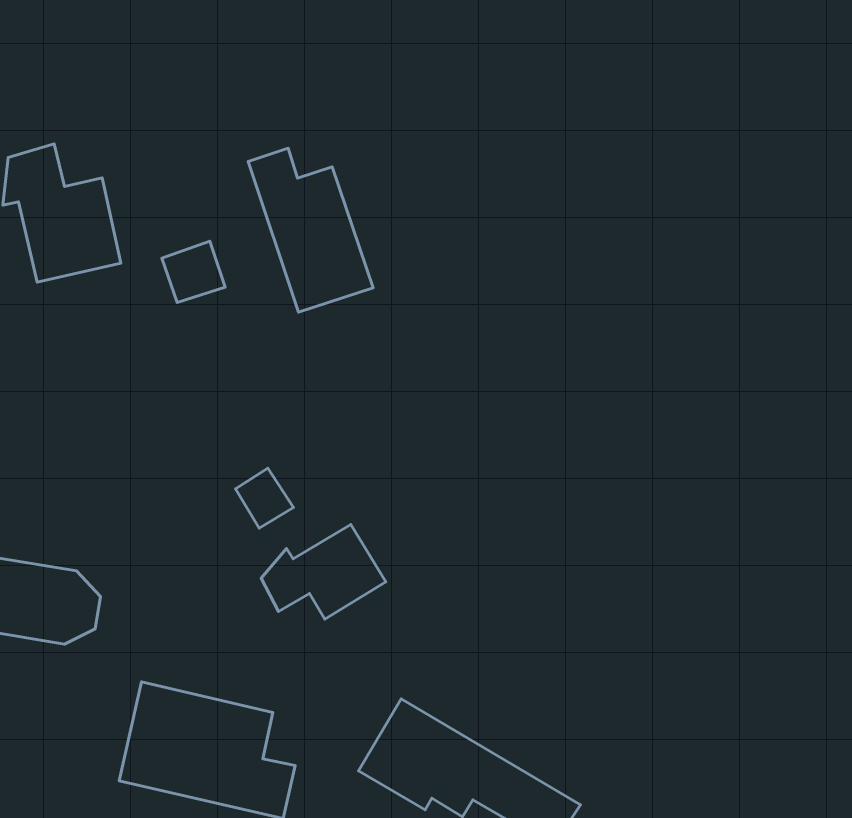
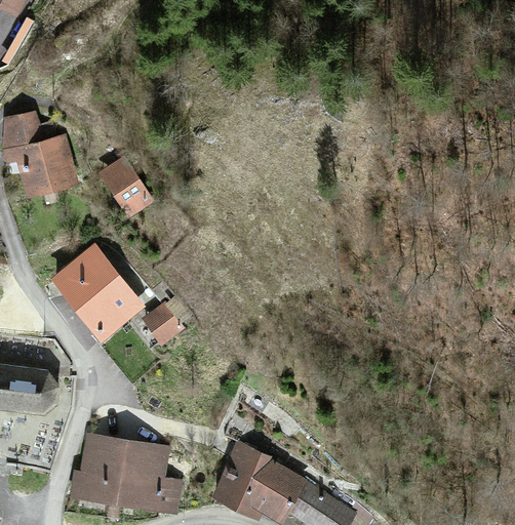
building: [248,148,373,312] -> none
building: none -> [56,248,135,332]
building: [261,525,386,619] -> none

